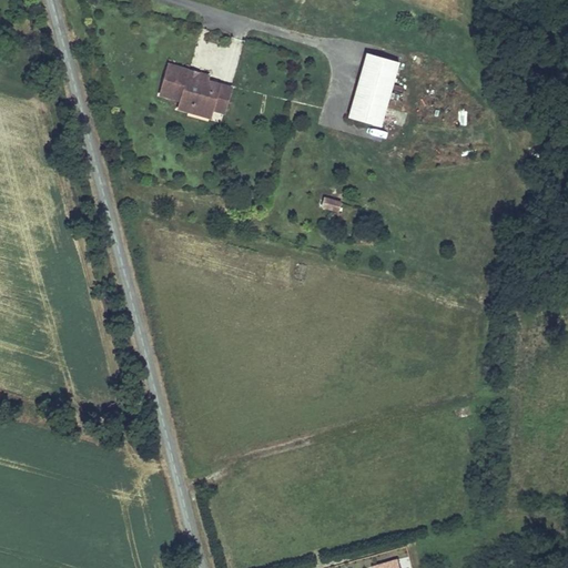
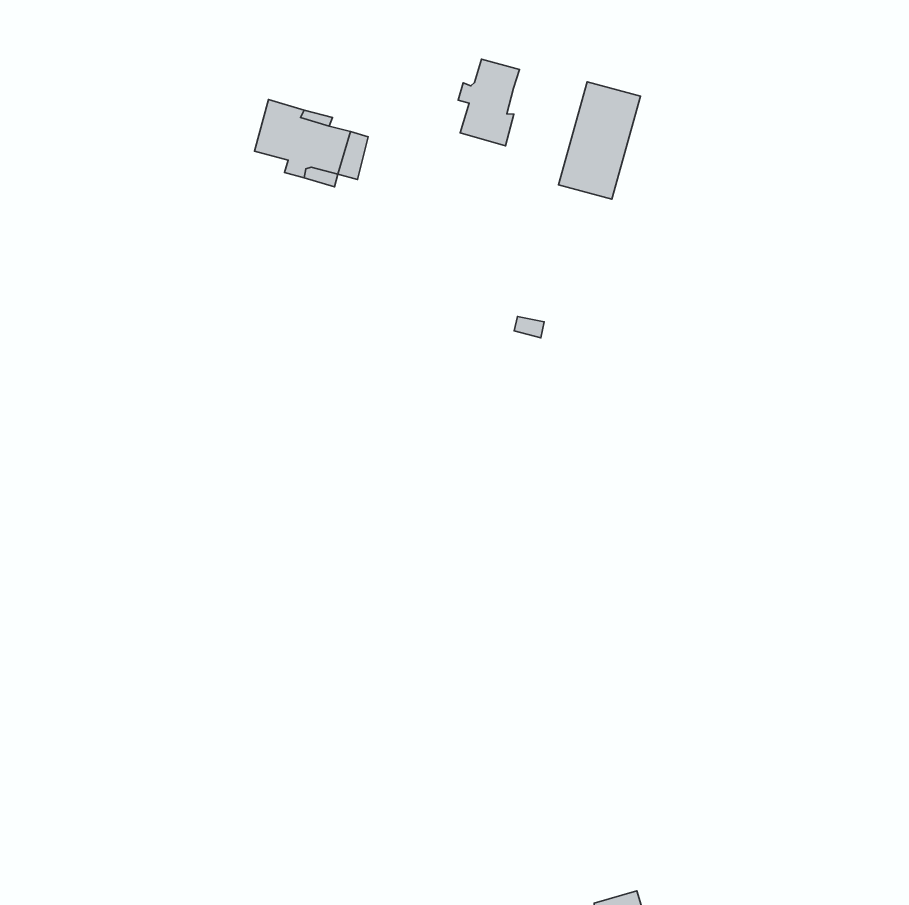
building: none -> [458,59,519,146]

